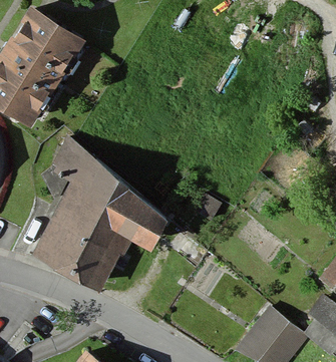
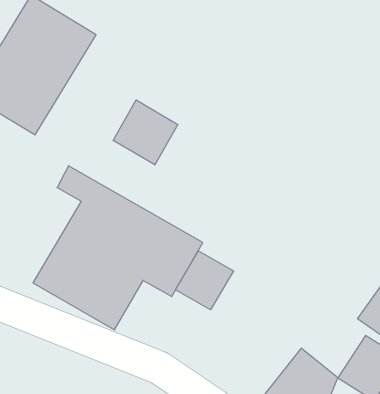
building: none -> [113,100,178,165]
building: none -> [176,251,233,310]

